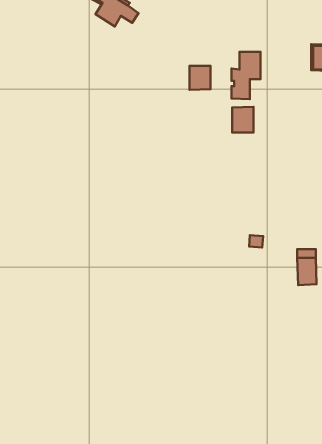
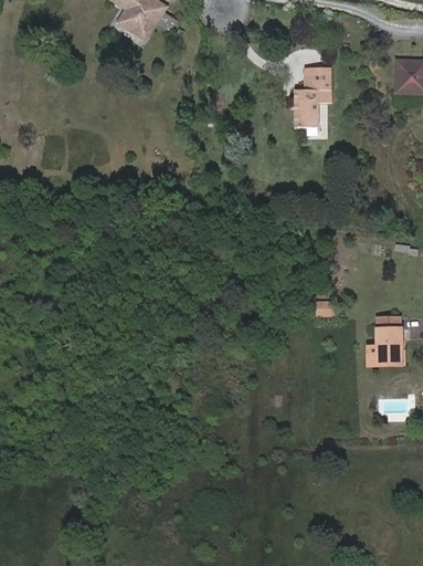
building: [190,66,211,90] -> none
building: [232,107,253,133] -> none

